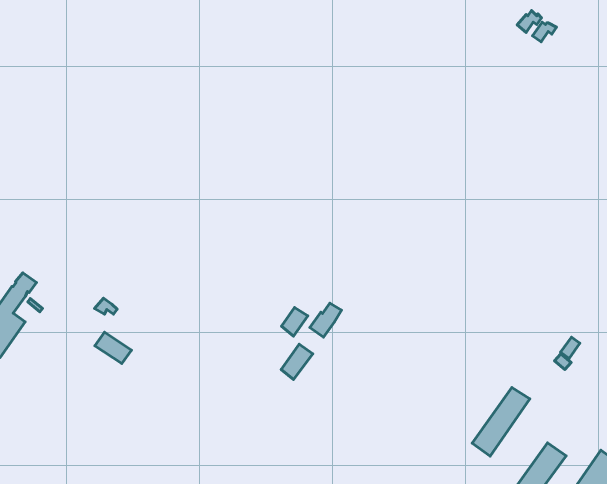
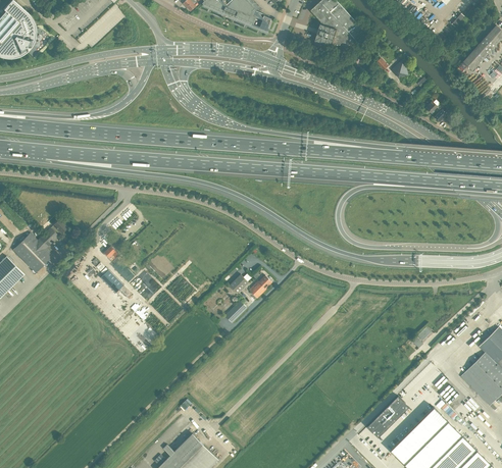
building: [472,388,530,456] -> none

